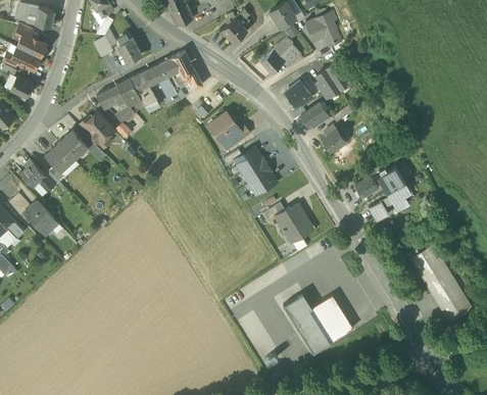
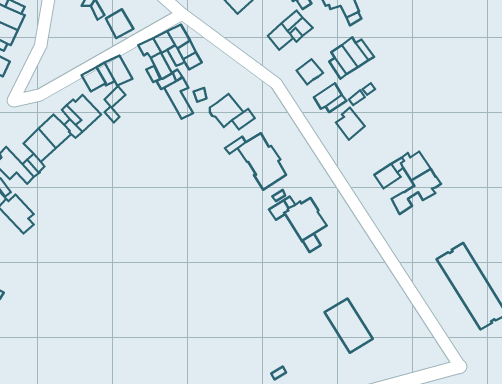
building: [130,69,155,106] -> [164,77,193,119]
building: [284,292,333,353] -> none

